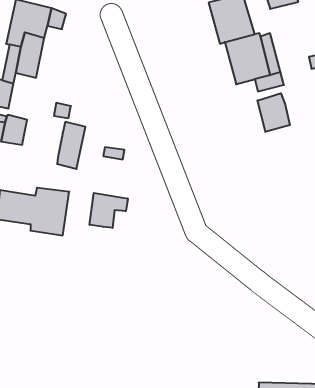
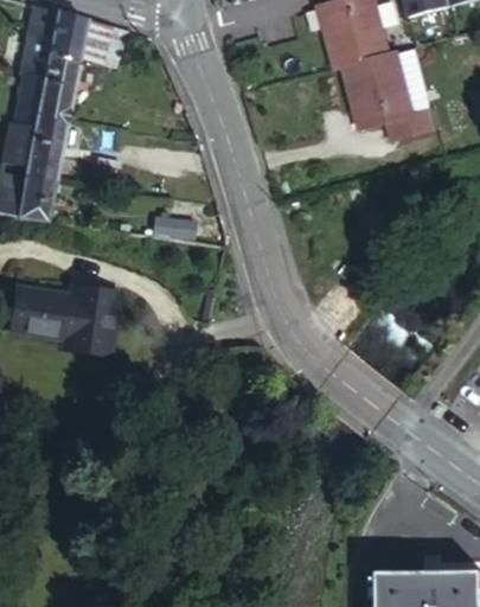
building: [257,93,290,132] -> none
building: [57,122,85,169] -> [25,114,66,183]
building: [90,193,128,228] -> none

